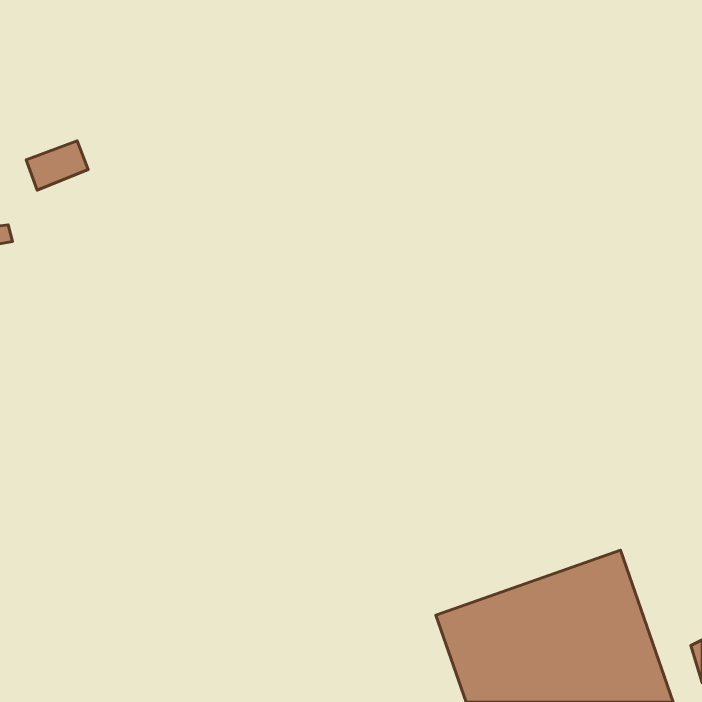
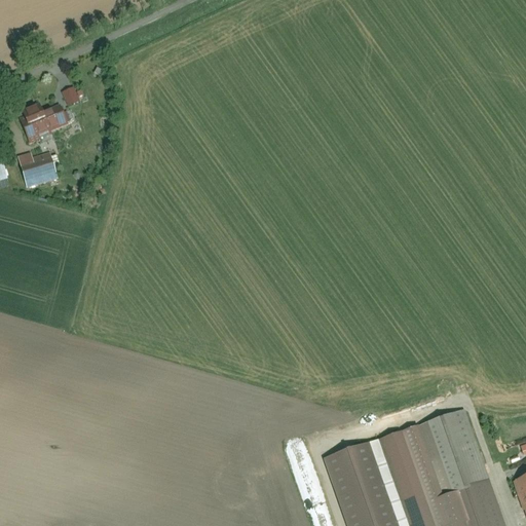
building: none -> [22,155,57,186]

